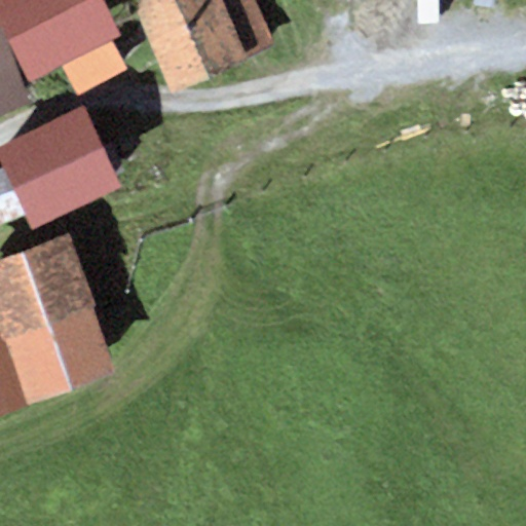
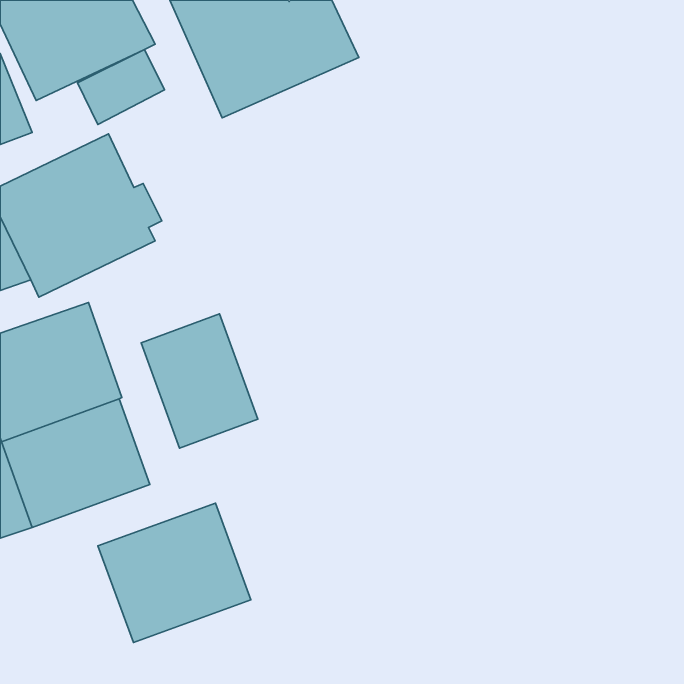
building: none -> [141,314,258,448]
building: none -> [98,503,251,642]

